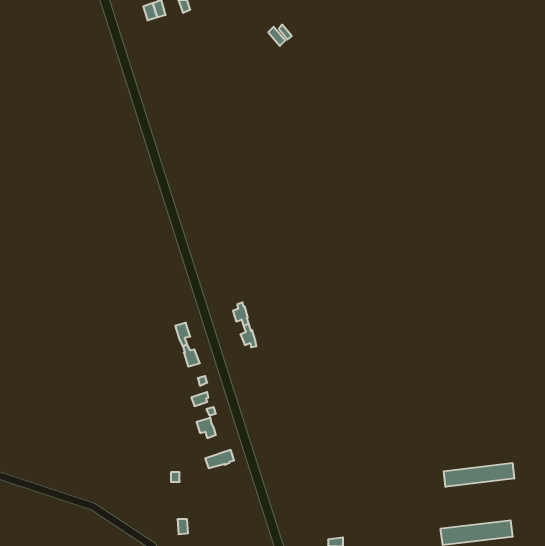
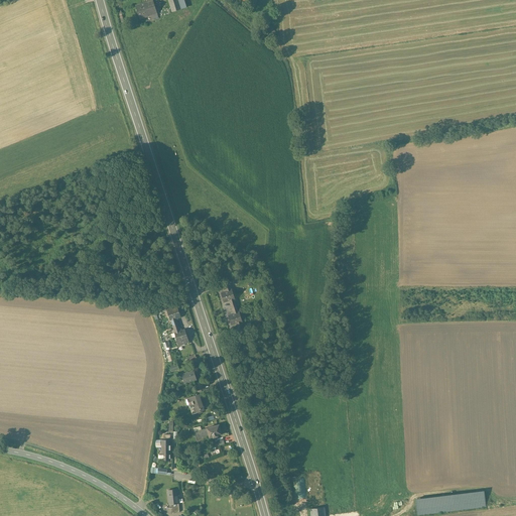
building: [444,463,514,487] -> none

